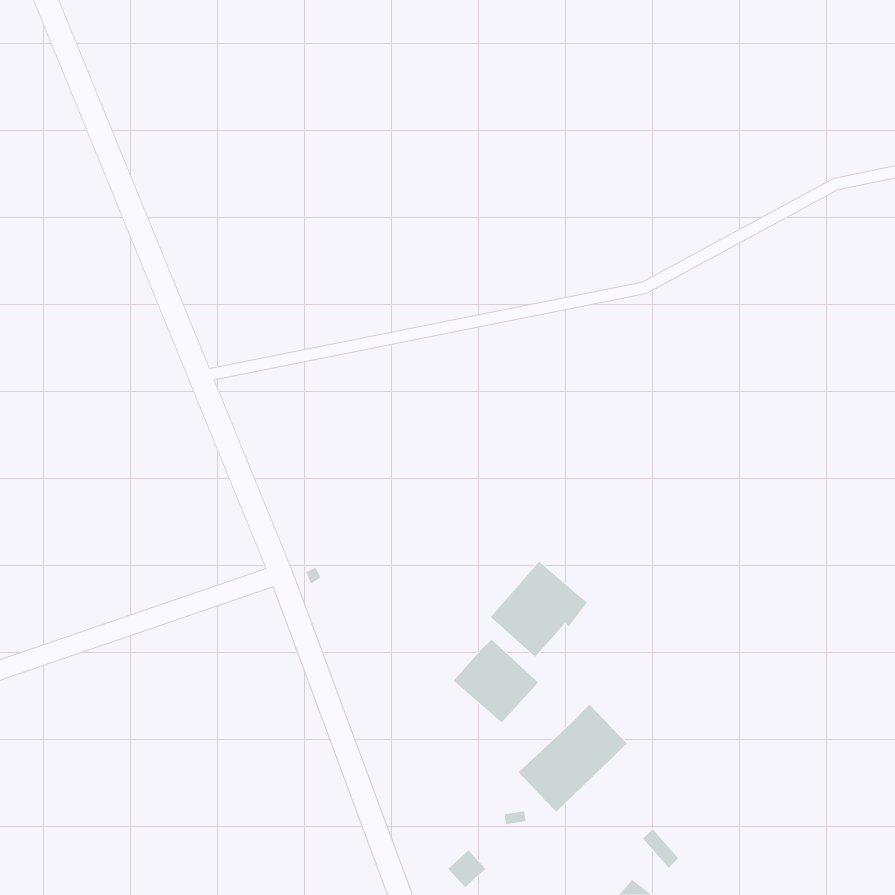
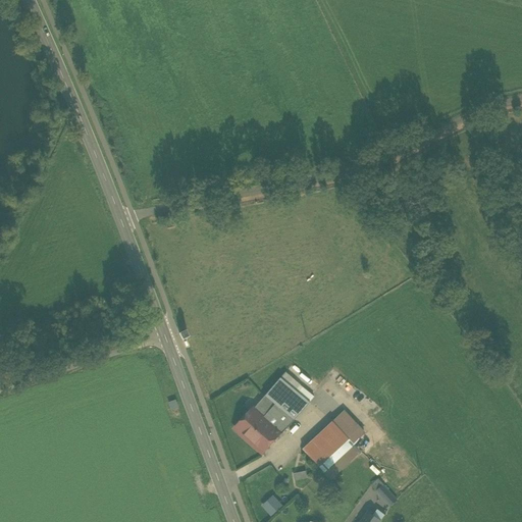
building: [490,561,588,657] -> [234,396,292,452]

